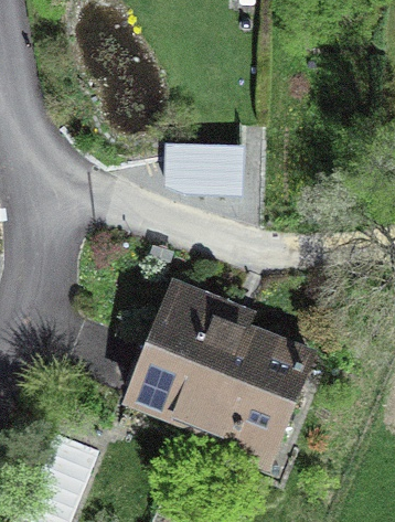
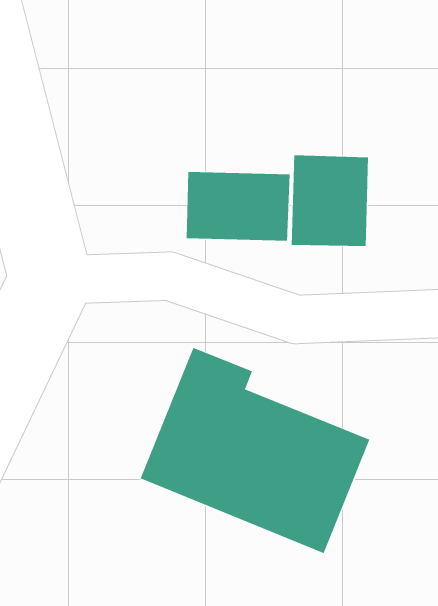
building: none -> [291,155,369,247]

